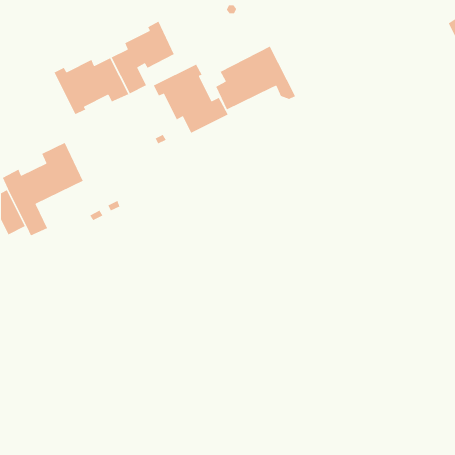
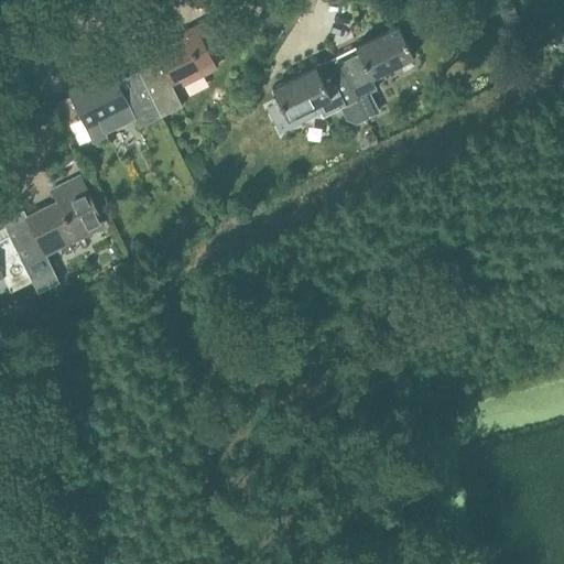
building: none -> [335,25,414,120]
building: [153,63,229,134] -> none

